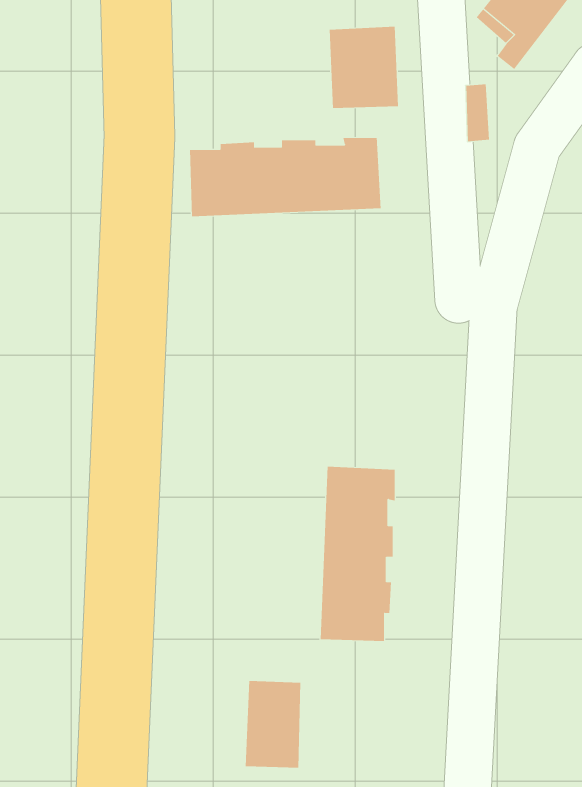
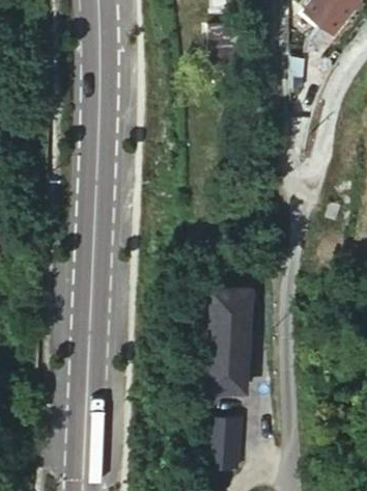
building: [189,137,381,217] -> none
building: [245,681,301,768] -> [208,419,242,471]

